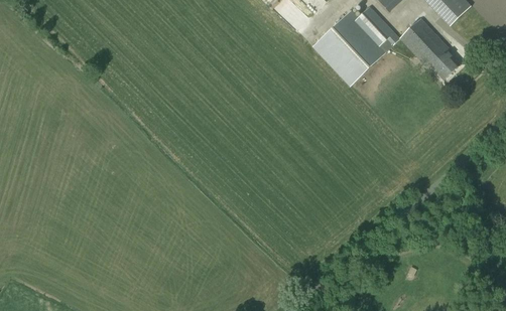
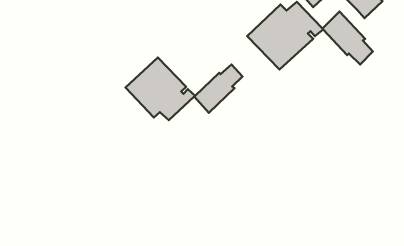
building: none -> [125,57,242,120]

